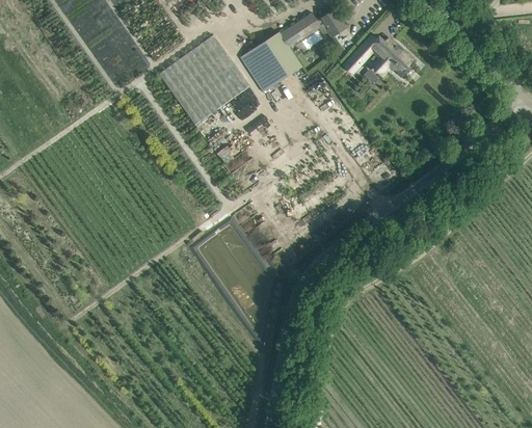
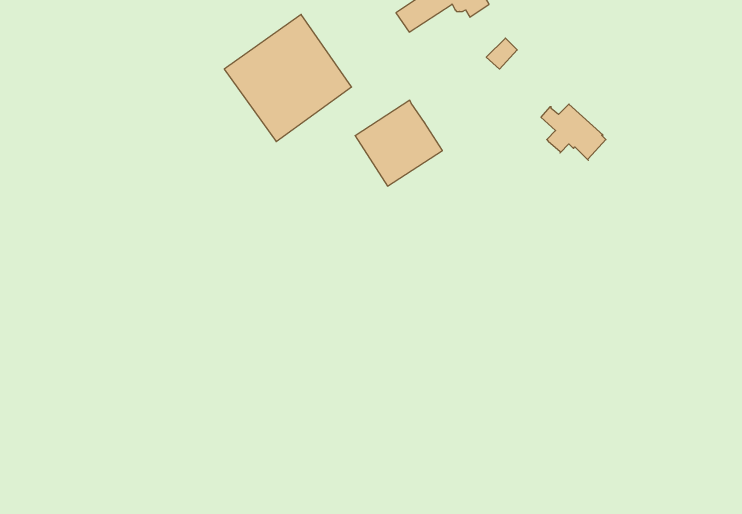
building: [240,31,301,91] -> [355,100,442,186]
building: [369,37,415,77] -> [541,104,606,160]

